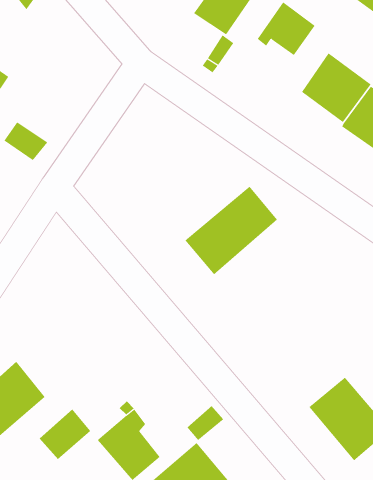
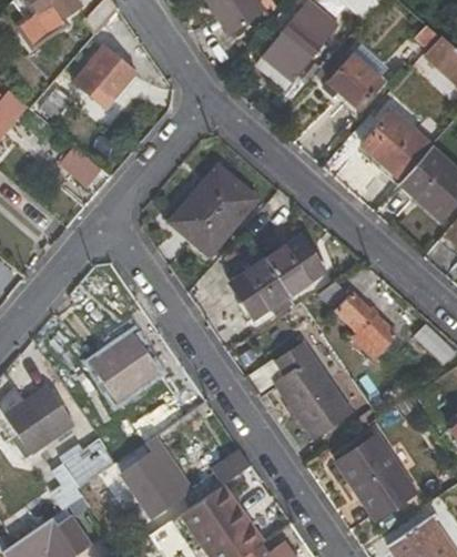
building: none -> [73,44,135,107]
building: none -> [169,165,256,255]
building: none -> [319,282,397,358]
building: none -> [274,342,353,440]
building: none -> [90,334,160,402]

